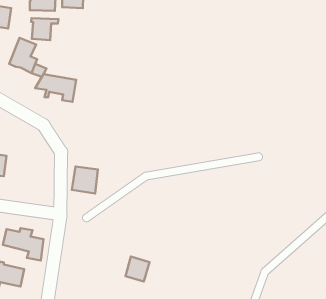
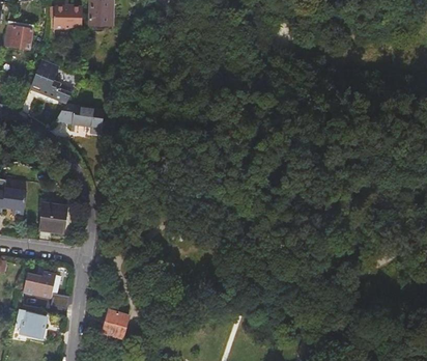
building: [31,18,59,40] -> none
building: [72,167,98,194] -> [38,203,67,233]
building: [125,257,150,282] -> [103,310,130,338]

